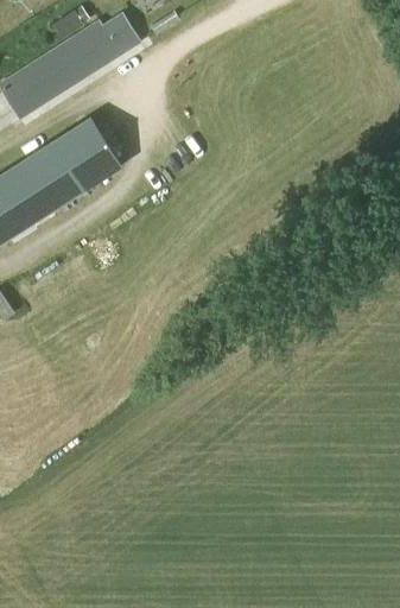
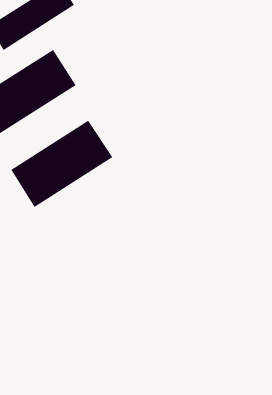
building: none -> [11,120,113,208]

